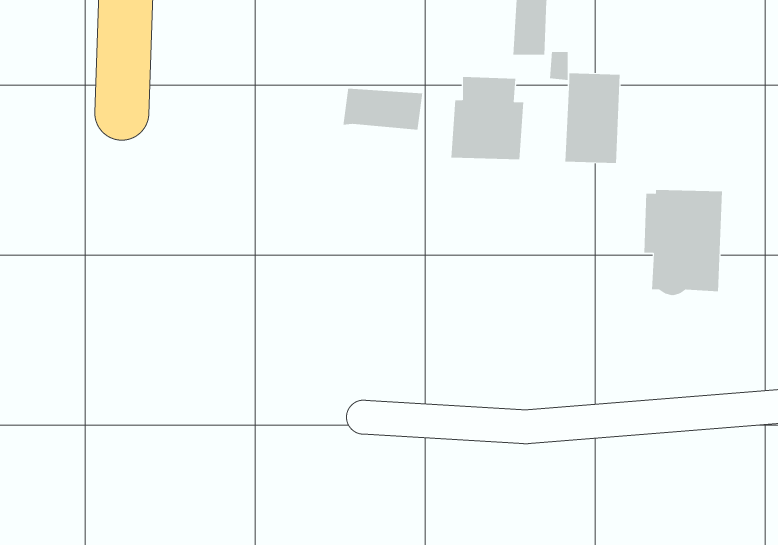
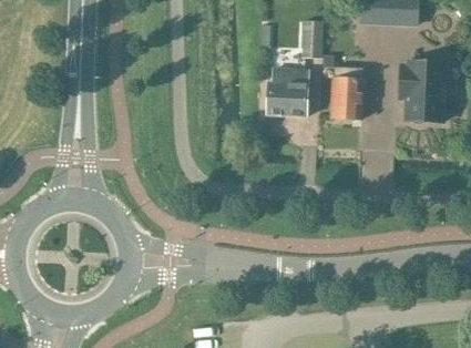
building: [343,88,423,130] -> none
building: [643,189,723,296] -> [400,62,446,123]

